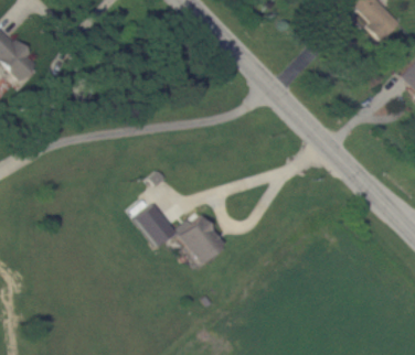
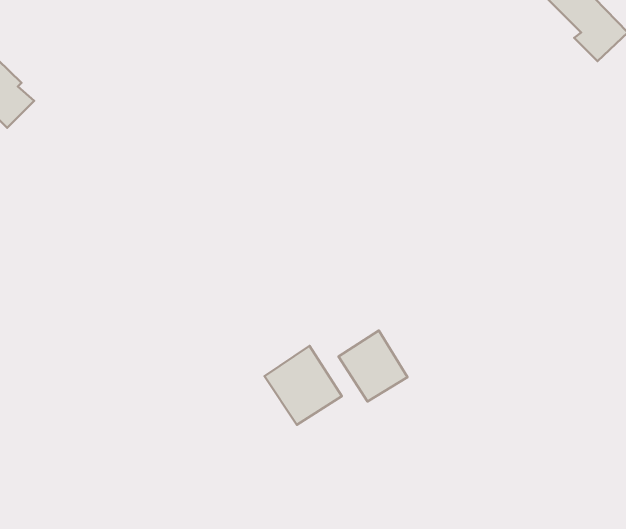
building: [136,205,175,246] -> none
building: none -> [338,330,408,402]

